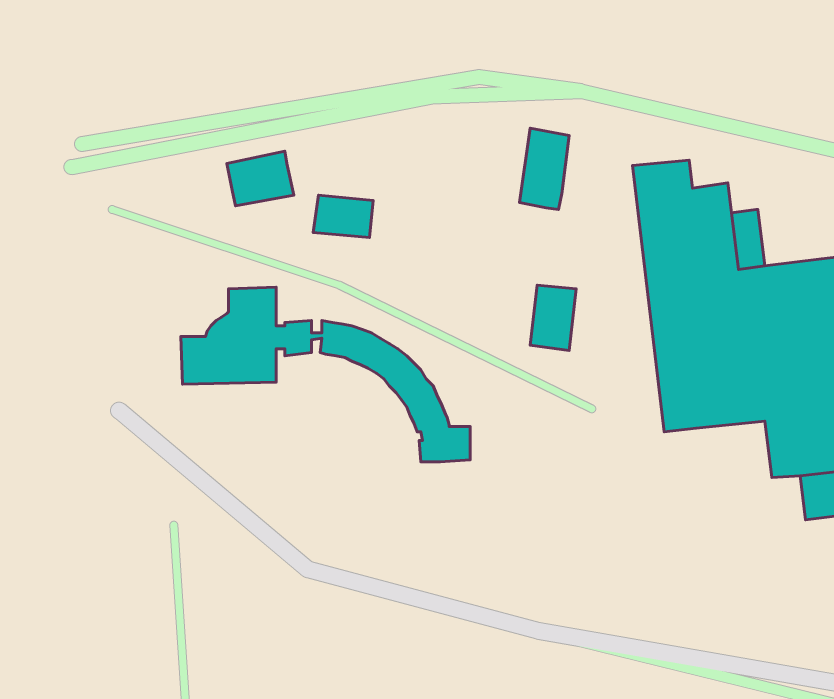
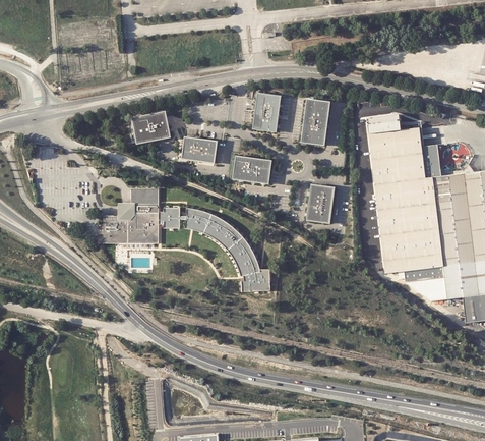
building: none -> [252,92,281,132]
building: none -> [234,156,271,182]
building: none -> [403,267,446,301]

